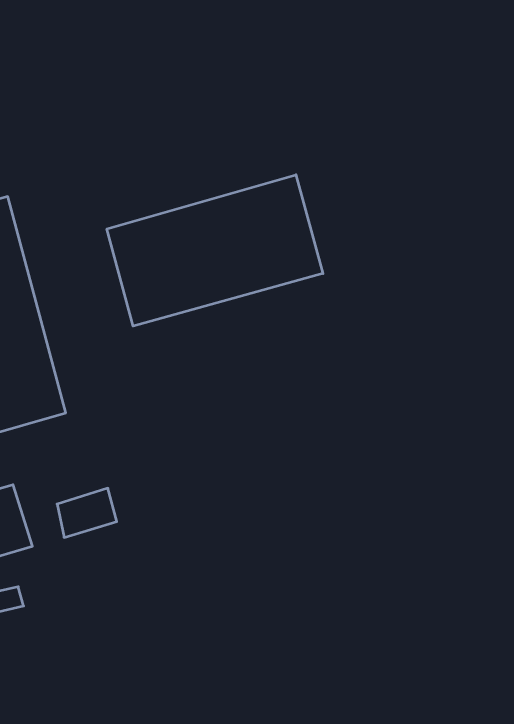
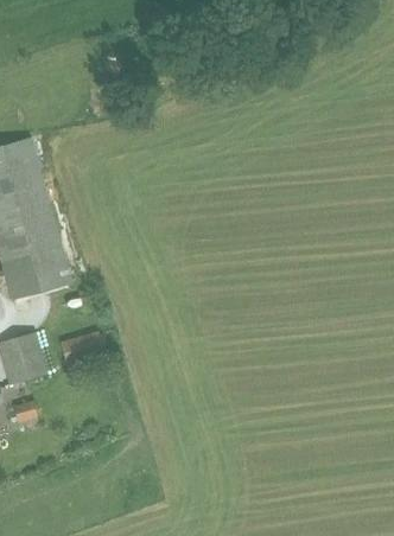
building: [107,175,323,326] -> none

